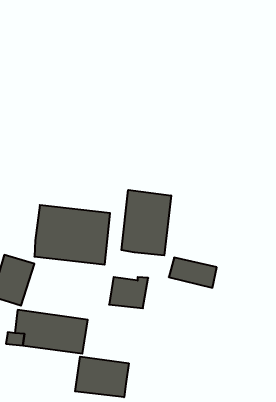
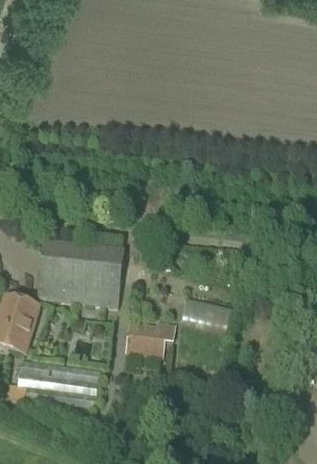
building: [121,190,171,255] -> none
building: [75,357,129,397] -> none

